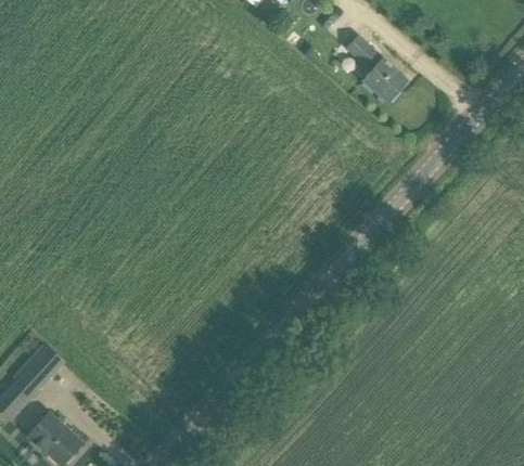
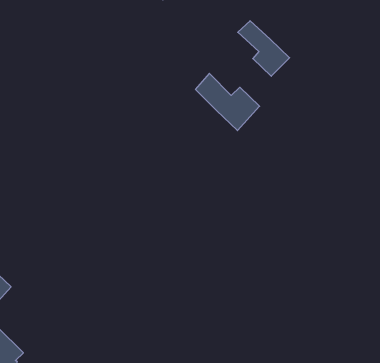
building: none -> [196,73,260,131]

